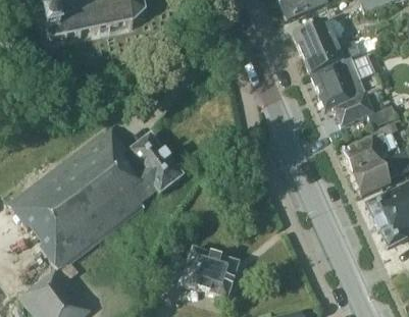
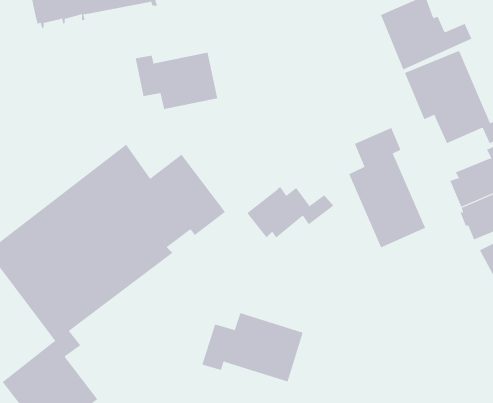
building: none -> [135,52,218,110]
building: none -> [348,127,426,248]
building: none -> [247,186,334,238]

